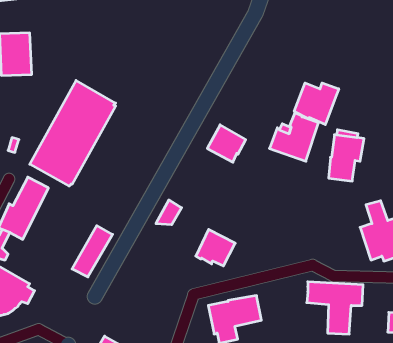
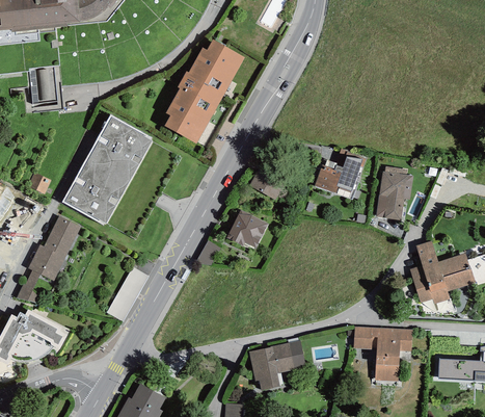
building: none -> [164,38,245,142]
building: [294,83,339,125] -> none
building: [196,229,235,266] -> [226,209,268,247]

